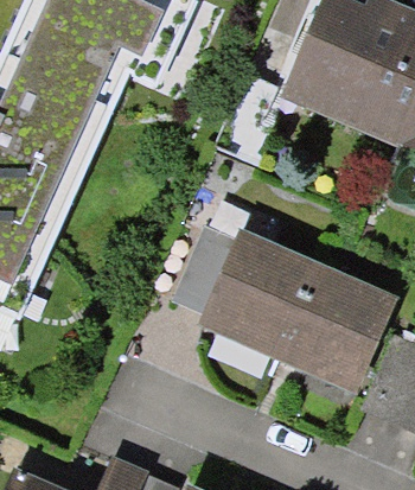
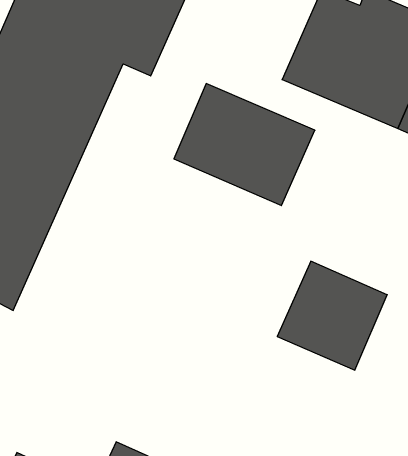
building: [171,227,311,348] -> [174,84,315,206]

